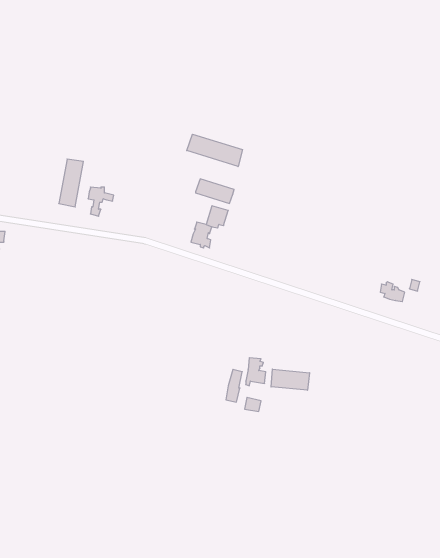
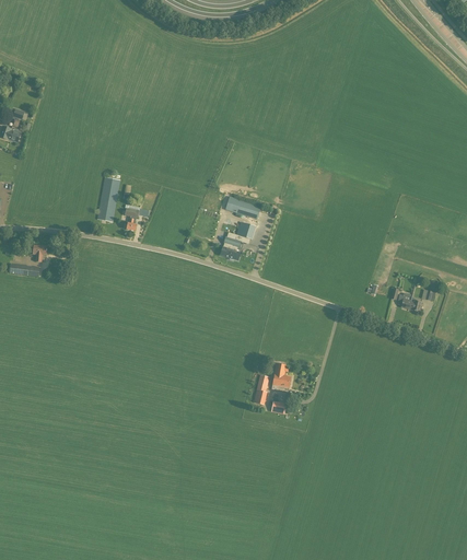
building: [187,134,243,167] -> none
building: [271,369,310,390] -> none

